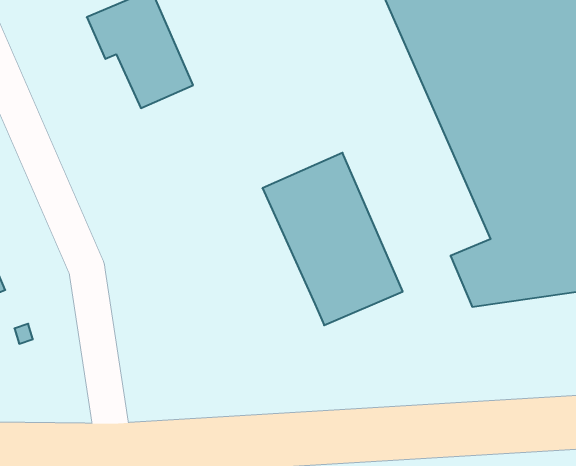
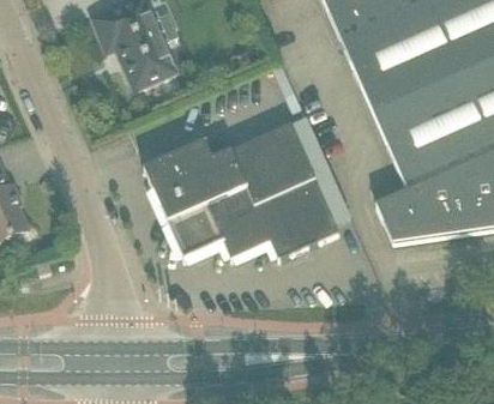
building: none -> [143,135,270,257]

